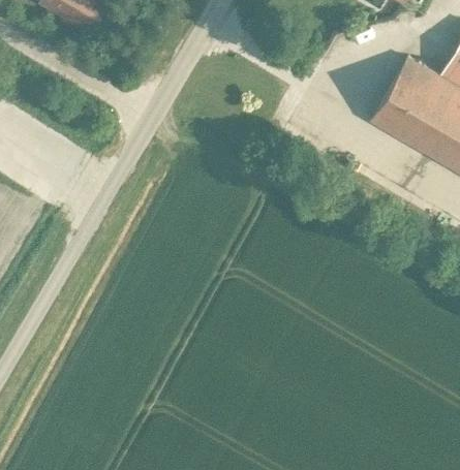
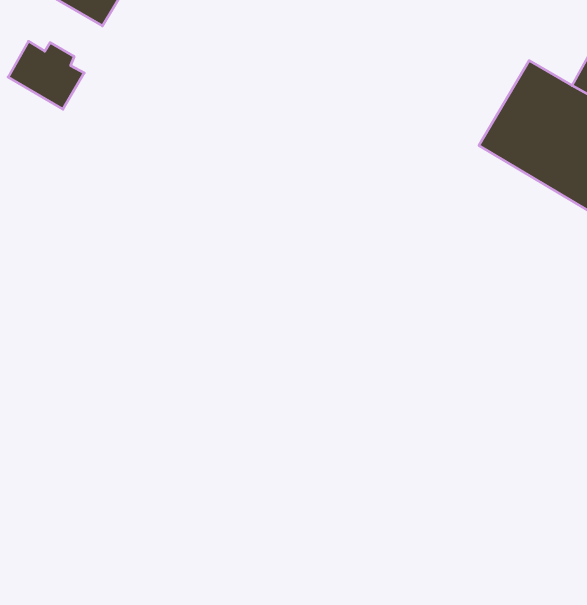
building: none -> [8,41,84,109]

